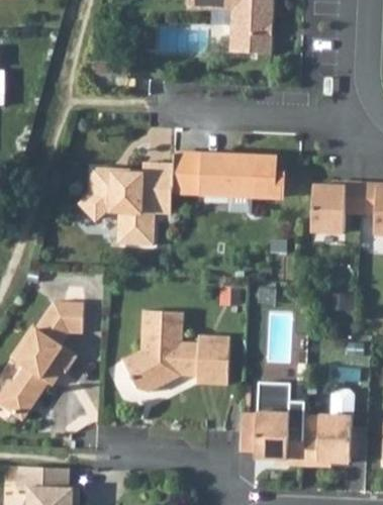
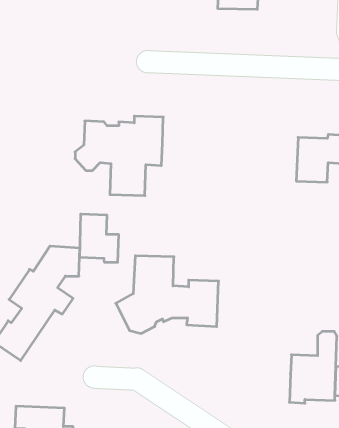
building: [171,156,281,197] -> none
building: none -> [80,214,118,262]
building: [256,381,305,463] -> none

